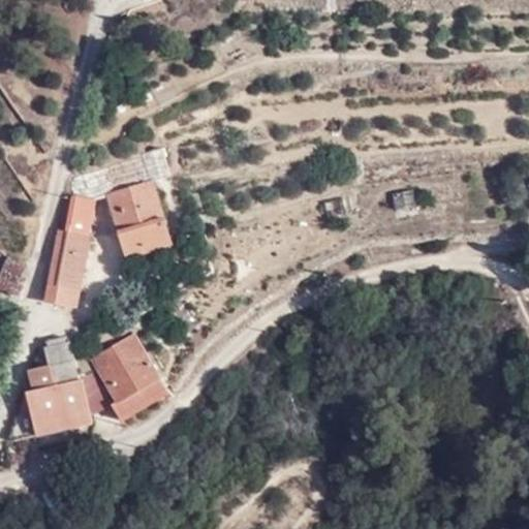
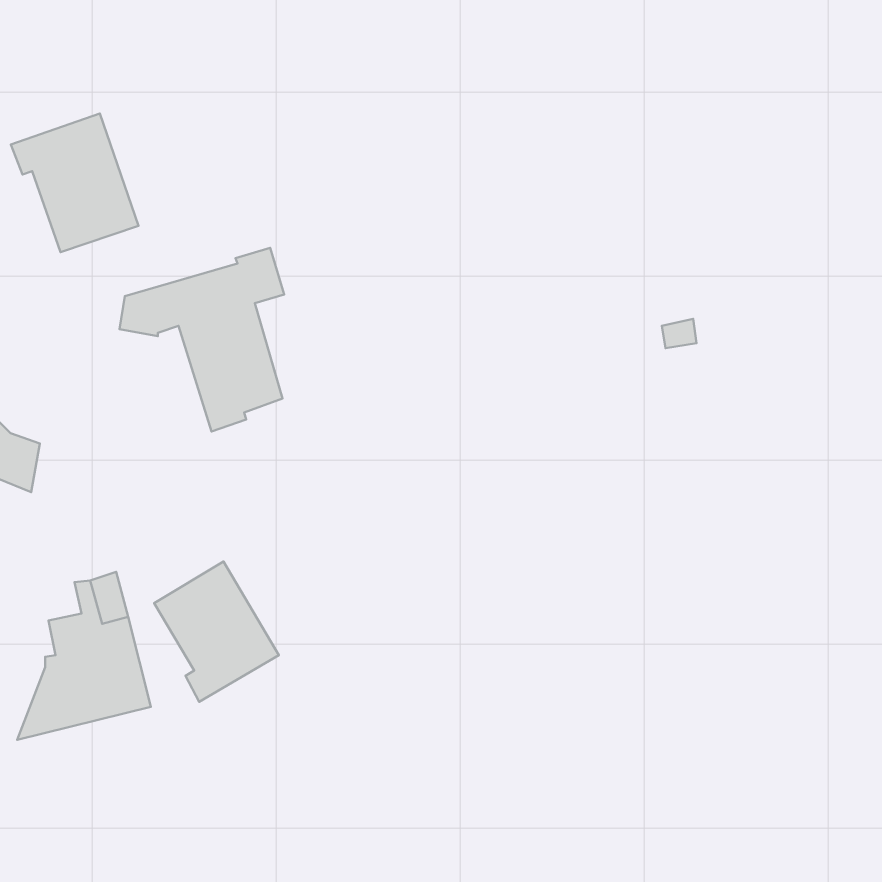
building: none -> [11,113,138,252]
building: [45,198,94,308] -> none

